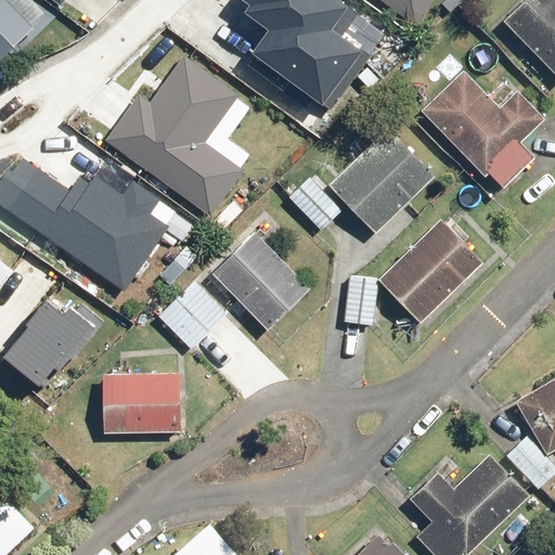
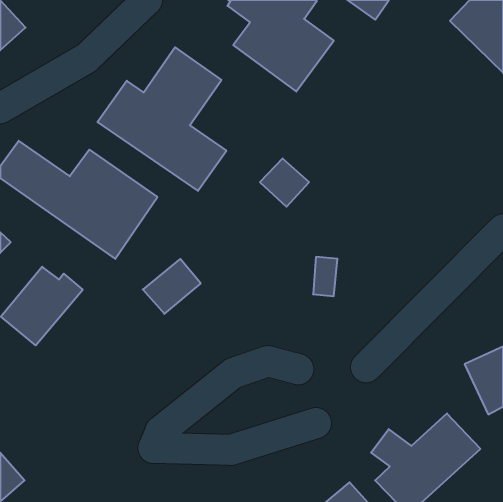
building: [417,73,542,195] -> none
building: [325,125,433,231] -> none
building: [380,227,477,323] -> none
building: [210,236,308,332] -> none
building: [98,370,176,436] -> none

